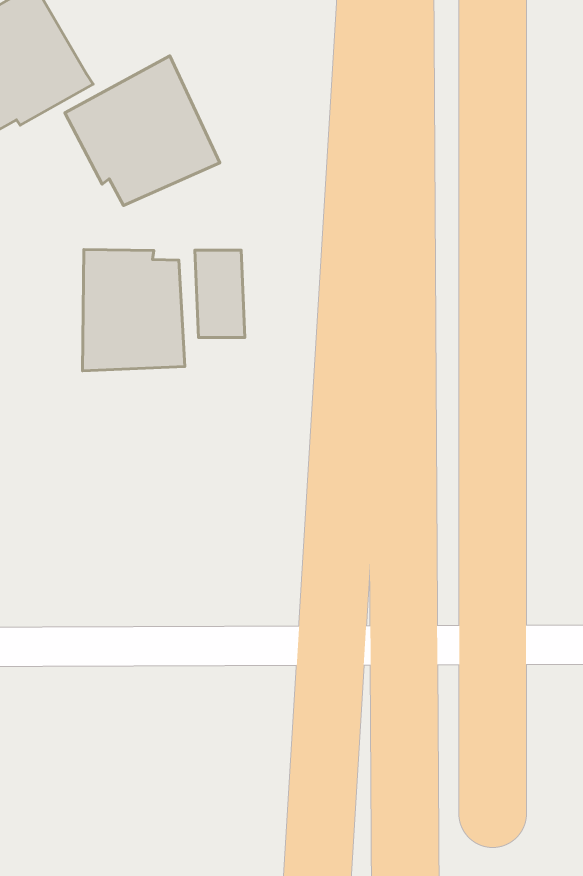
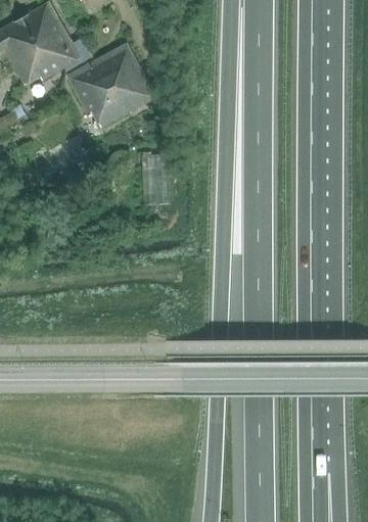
building: [82,250,185,371] -> none

